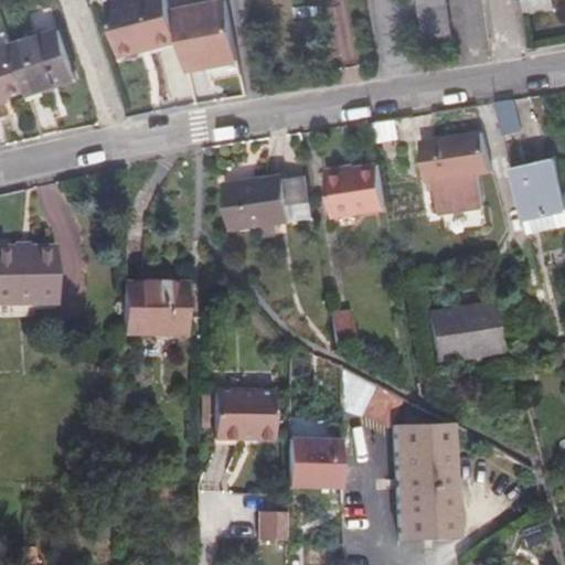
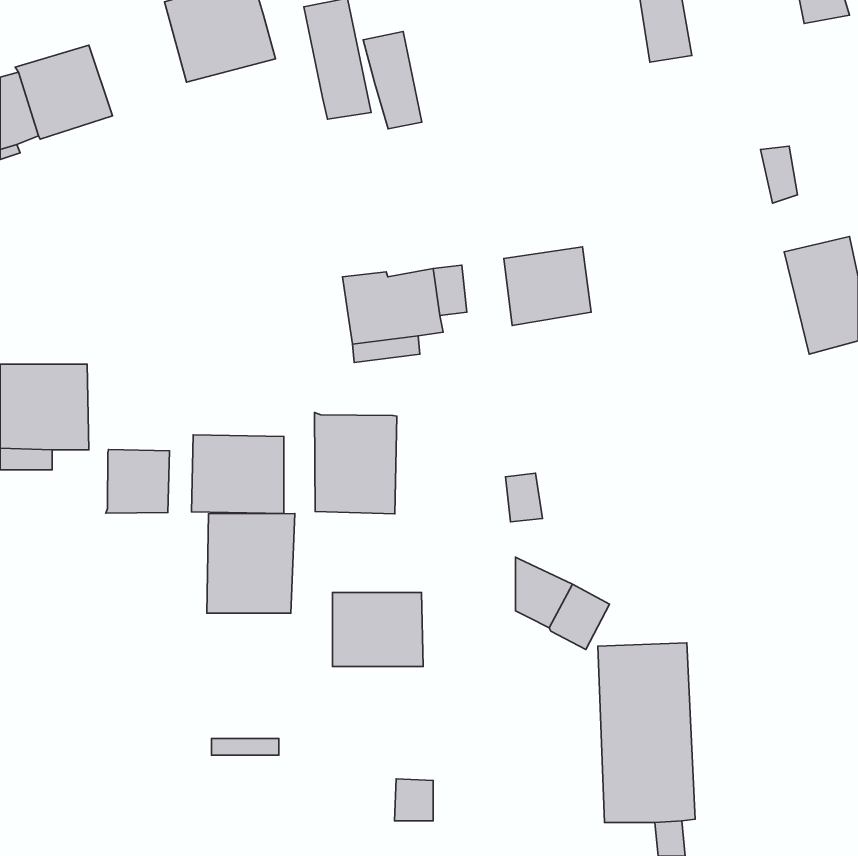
building: [173,4,212,68] -> [363,32,422,129]
building: [416,130,488,214] -> none
building: none -> [315,413,397,514]
building: none -> [106,450,169,513]
building: [431,308,503,362] -> none
building: none -> [207,514,295,613]
building: [285,434,340,482] -> none

